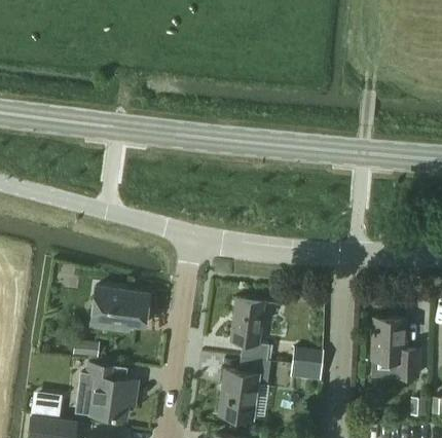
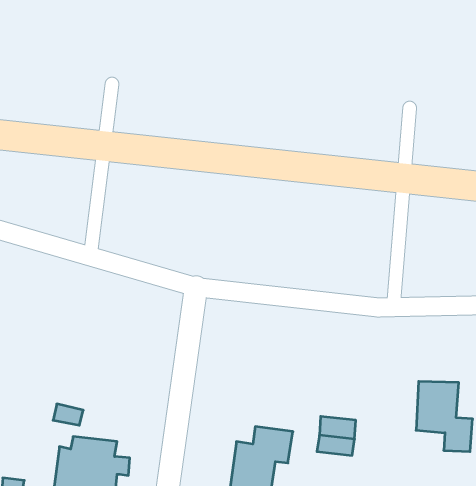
building: [93,288,150,331] -> none
building: [229,298,273,361] -> none

